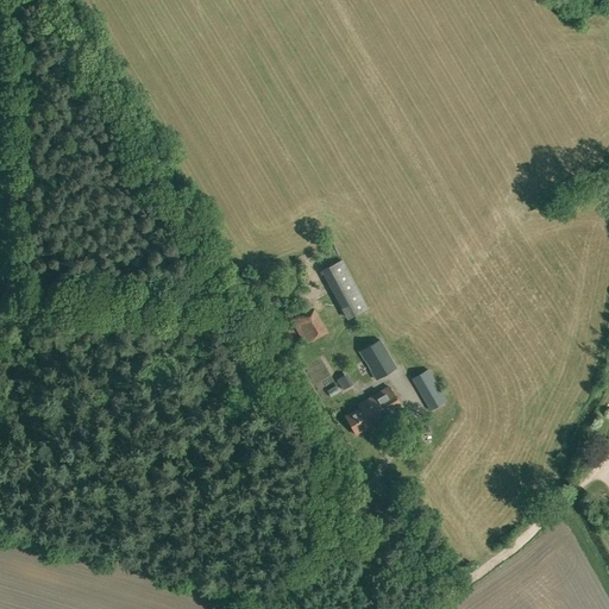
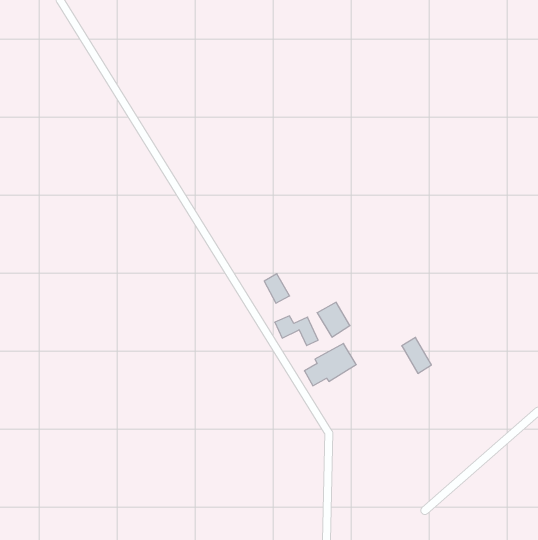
building: [321,260,365,319] -> none
building: [410,370,444,410] -> [402,337,431,373]

